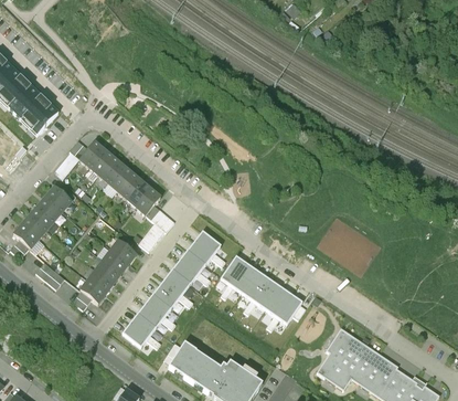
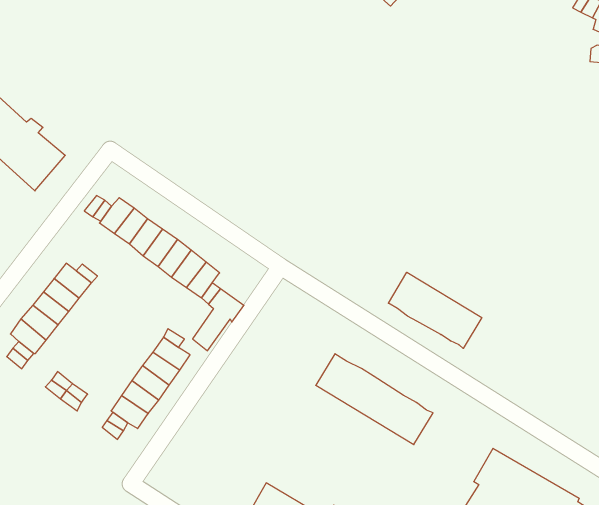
building: none -> [388,272,482,348]
building: [124,231,221,346] -> none

